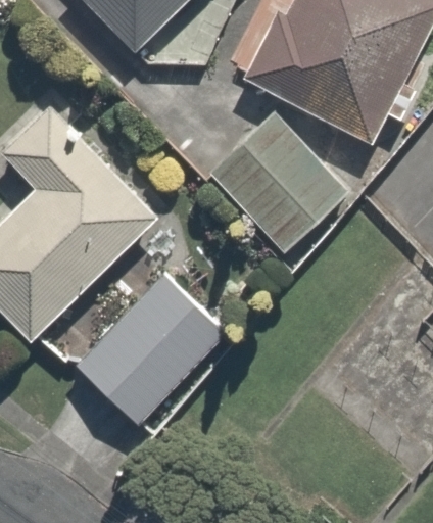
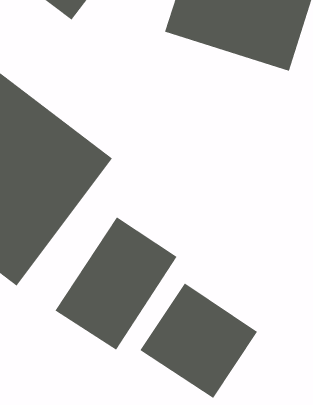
building: [204,109,352,259] -> none
building: none -> [139,283,258,399]

